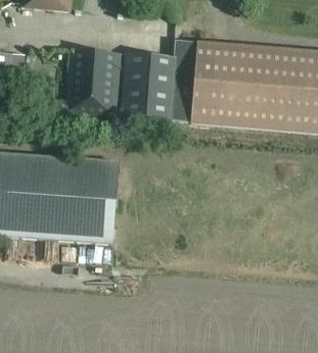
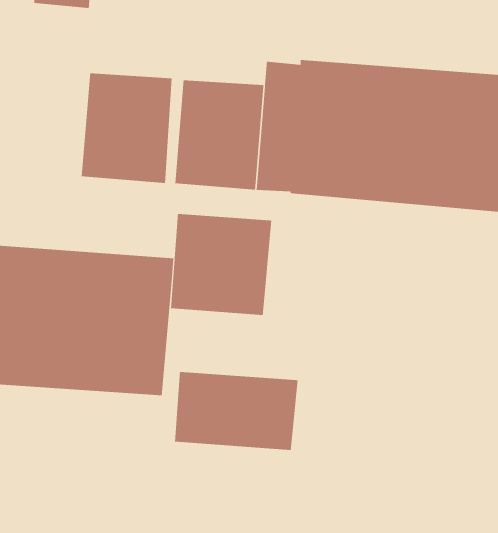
building: none -> [171,213,272,316]
building: none -> [174,371,298,451]

